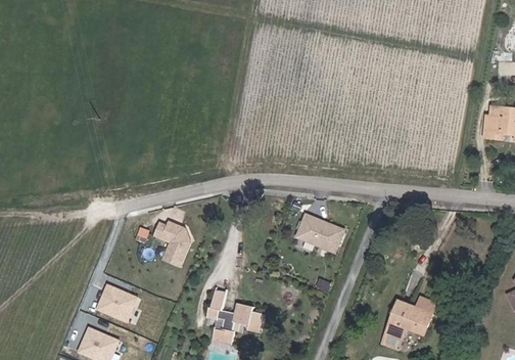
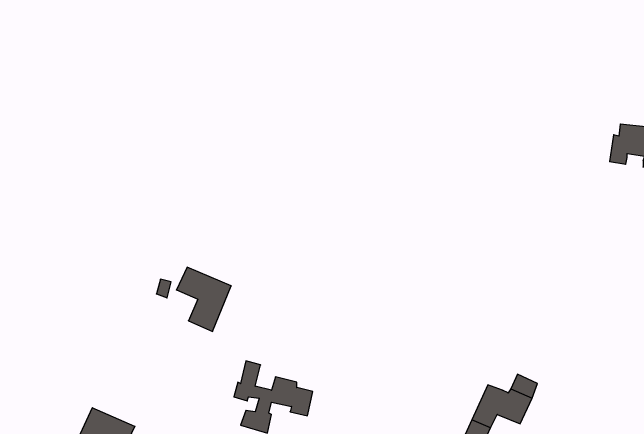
building: [297,215,347,257] -> none
building: [98,282,142,322] -> none

